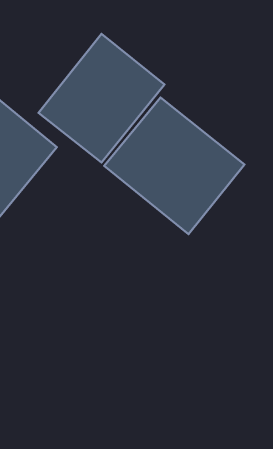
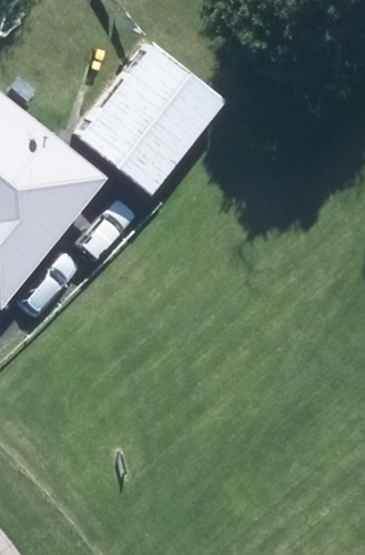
building: [104,97,244,234] -> none

